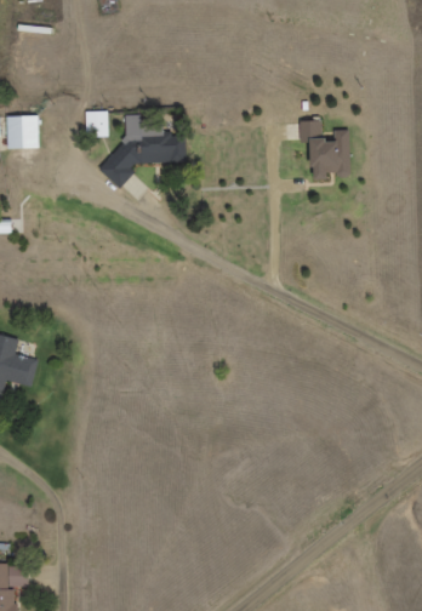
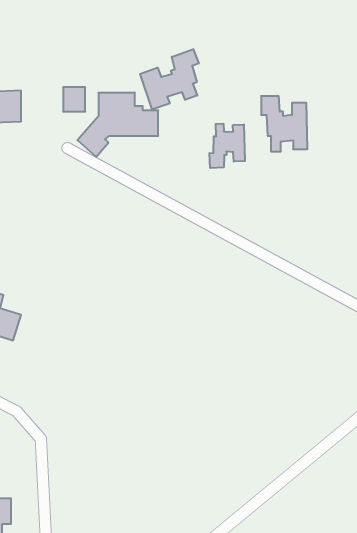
building: none -> [140,49,199,110]
building: none -> [209,124,245,168]

